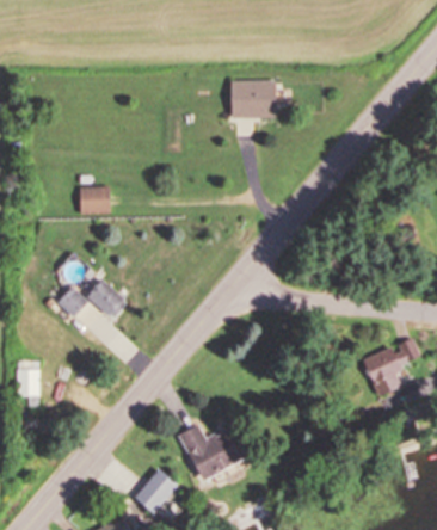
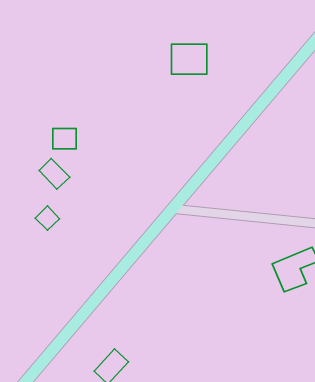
building: [88,279,128,319] -> [39,158,70,189]
building: [18,368,39,396] -> none
building: [178,425,240,480] -> none

